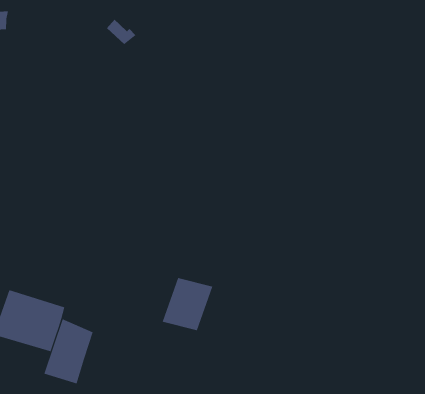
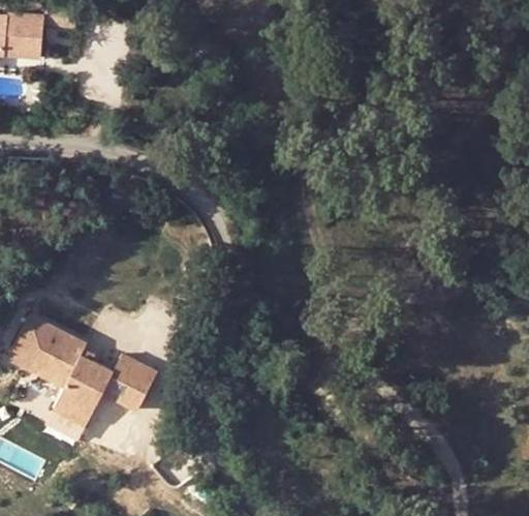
building: [162,278,213,331] -> [97,356,157,416]

